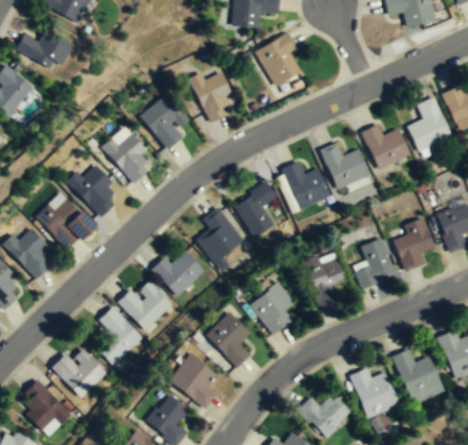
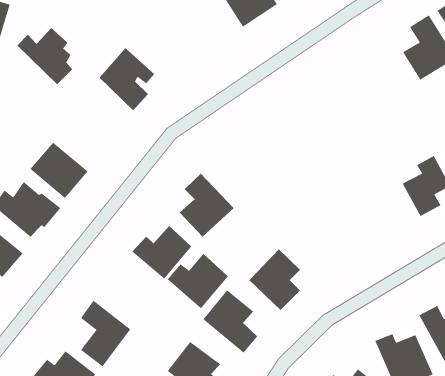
building: [192,73,236,123] -> none
building: [360,124,411,170] -> none
building: [100,133,147,183] -> [17,27,73,85]
building: [320,144,370,190] -> none
building: [281,162,330,211] -> none
building: [233,184,277,239] -> none
building: [354,239,395,289] -> none
building: [304,258,345,309] -> none
building: [117,283,171,331] -> [167,253,229,309]

